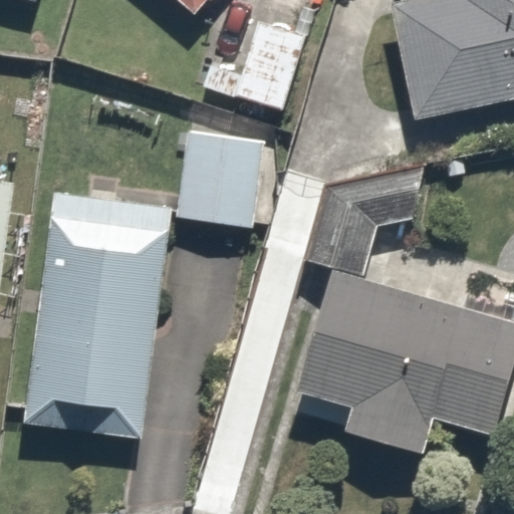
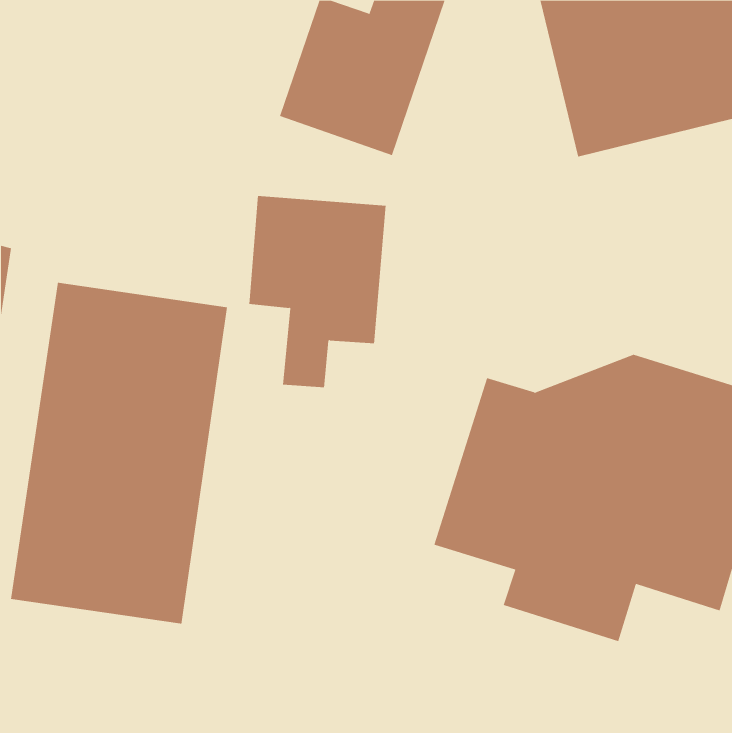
building: [303,168,426,271] -> none

